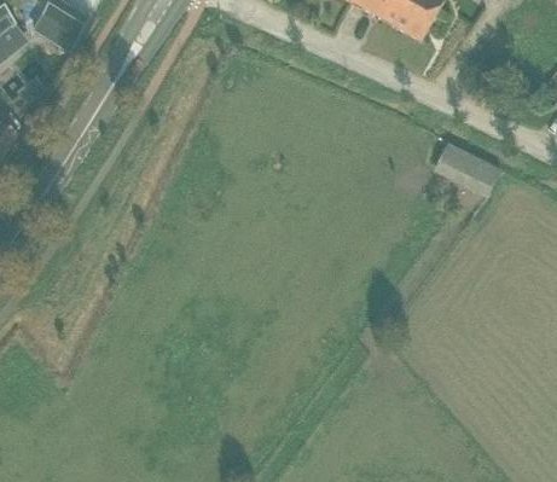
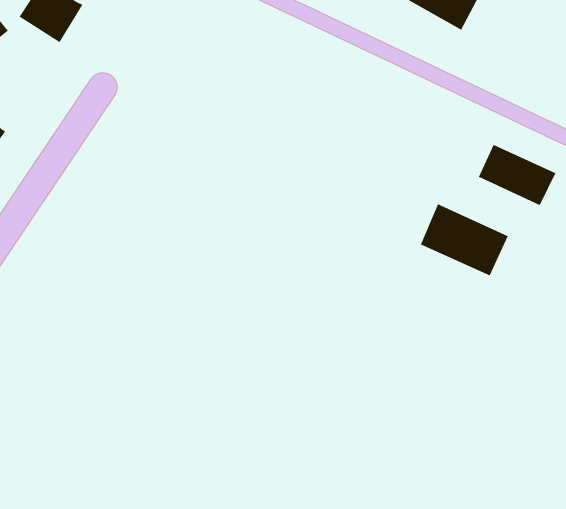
building: none -> [420,203,509,276]

